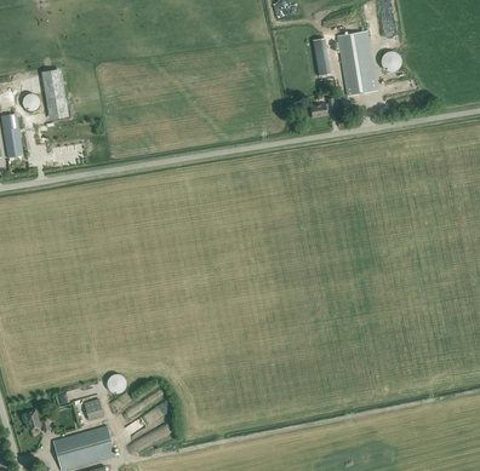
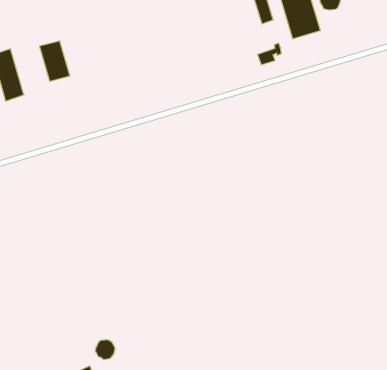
building: none -> [40,41,70,81]

